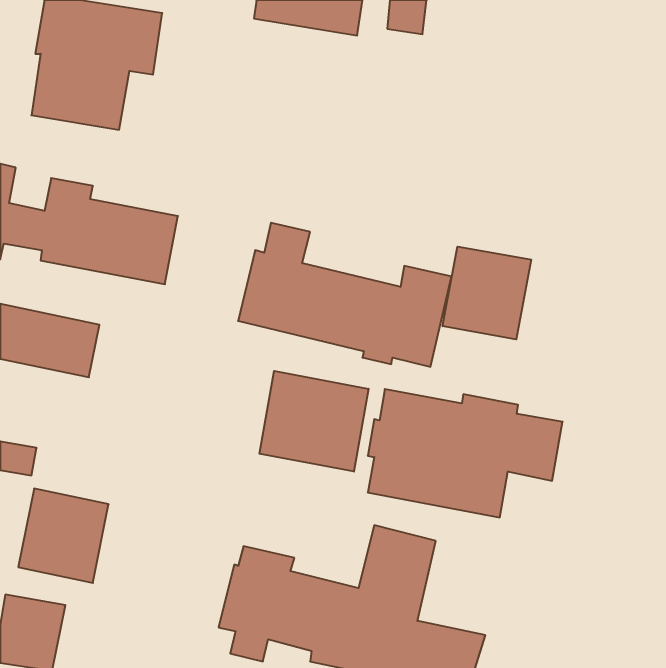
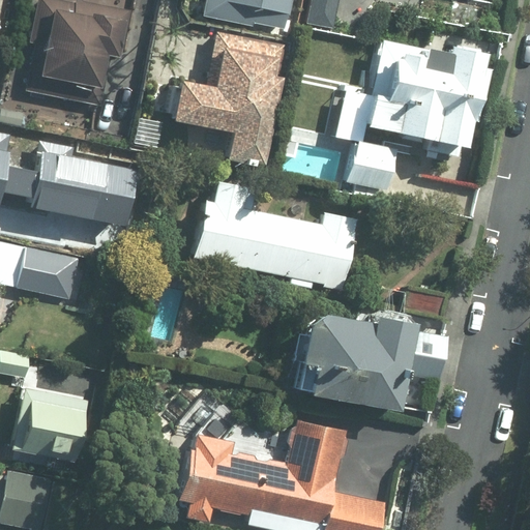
building: none -> [171,30,286,164]
building: none -> [343,38,487,189]
building: [443,247,531,339] -> none
building: [259,371,369,472] -> none

